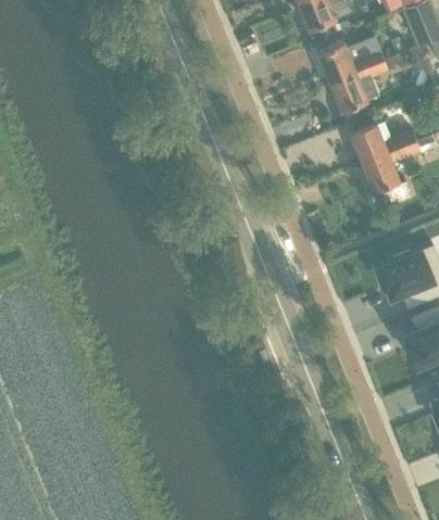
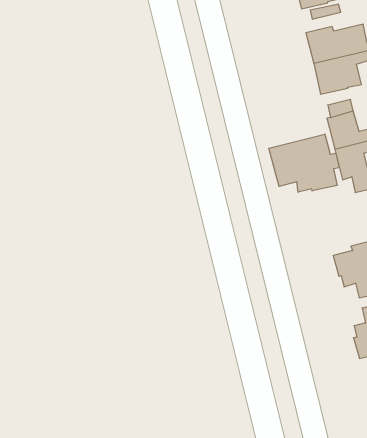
building: none -> [269,134,339,192]

